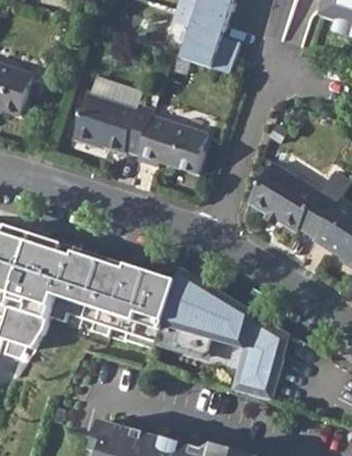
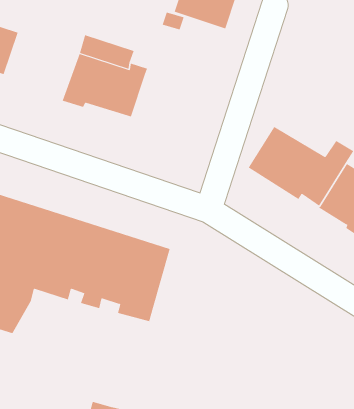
building: [138,116,209,175] -> none
building: [160,270,285,401] -> none

